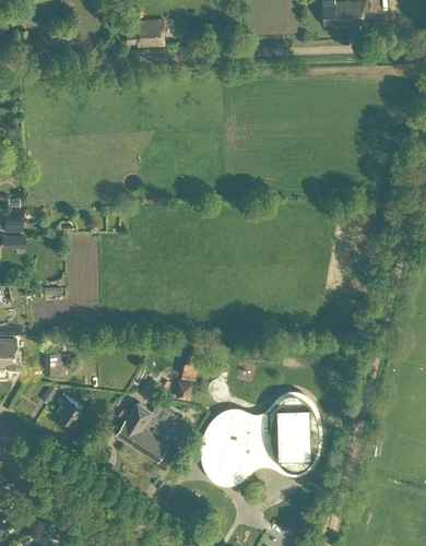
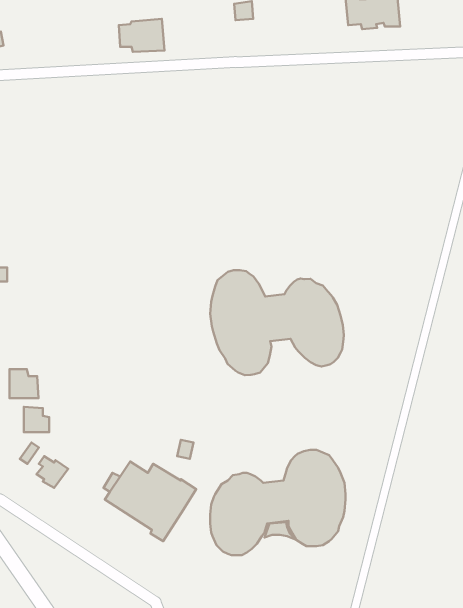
building: none -> [210,270,344,375]
building: none -> [10,369,39,398]

